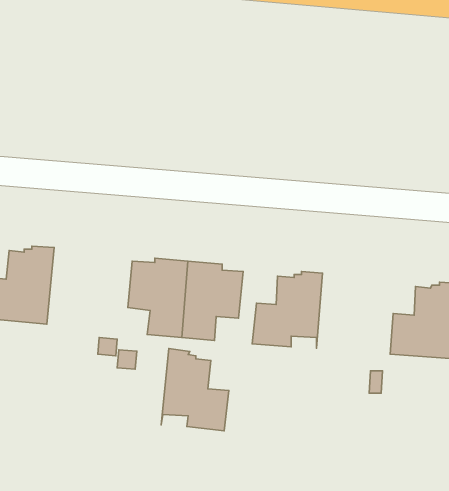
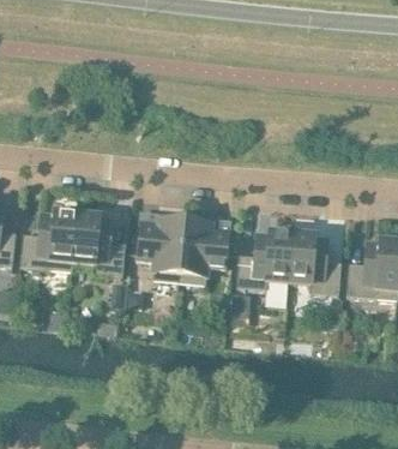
building: none -> [287,229,340,294]
building: [161,348,229,431] -> [71,209,125,275]

